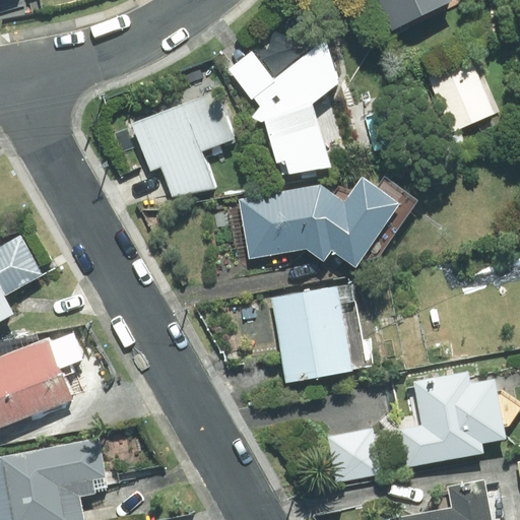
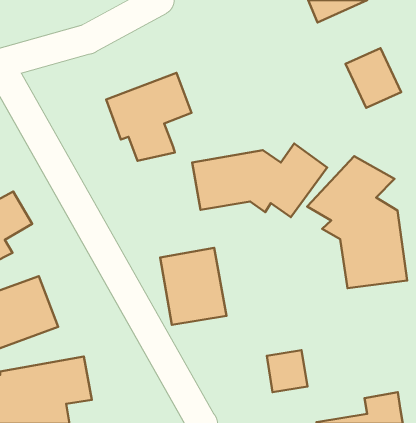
building: [228,35,342,175] -> none
building: none -> [307,156,407,288]
building: [270,286,351,381] -> [160,248,227,325]
building: [397,371,506,463] -> none

